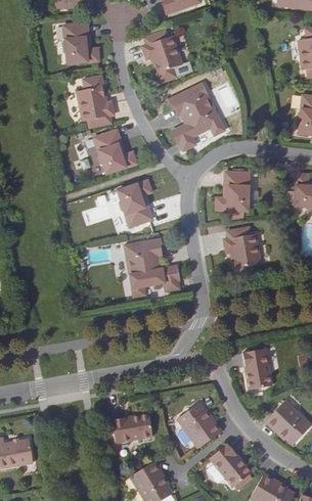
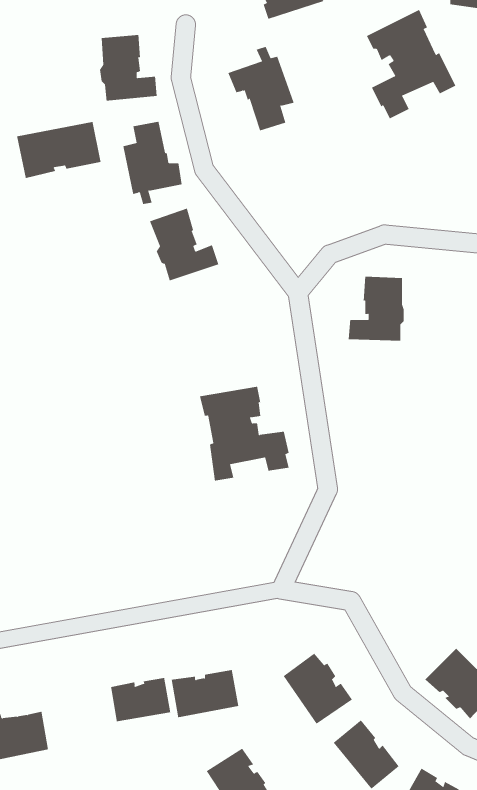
building: none -> [17,121,101,179]
building: [171,84,226,151] -> [366,9,456,119]
building: [119,181,154,228] -> none
building: [226,228,262,279] -> none
building: [239,349,269,391] -> none
building: none -> [110,677,171,722]

